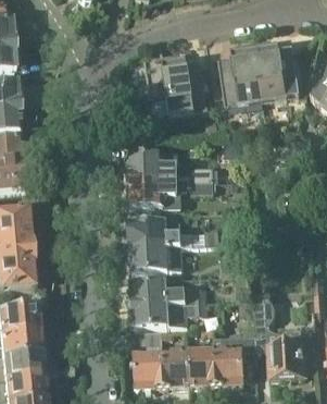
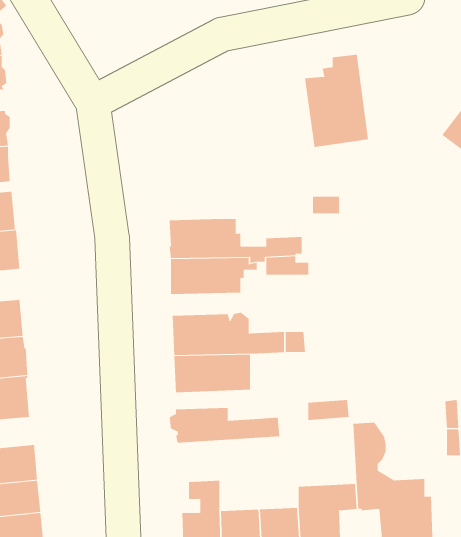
building: [255,40,301,100] -> none
building: [146,53,209,114] -> none
building: [130,301,204,327] -> none

